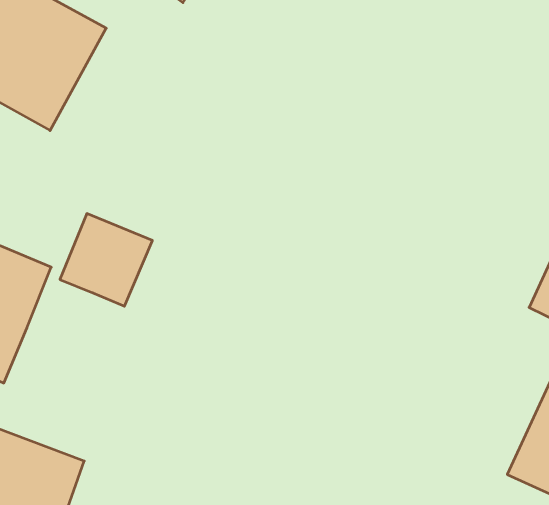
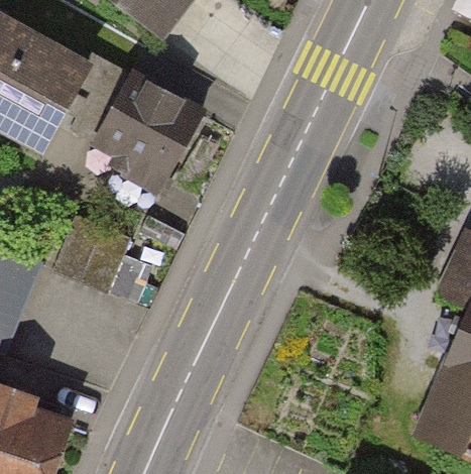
building: none -> [90,69,206,193]

